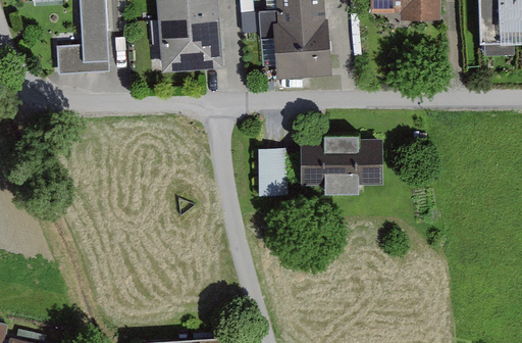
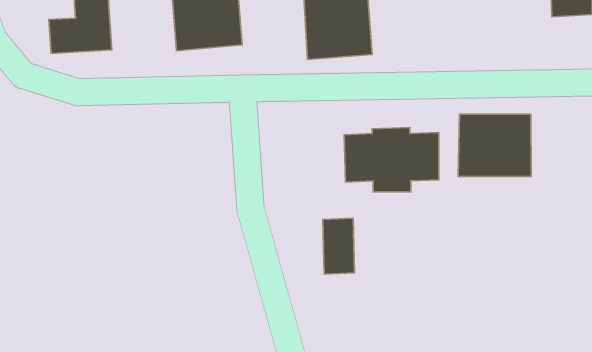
building: none -> [458,114,531,176]
building: [260,150,286,197] -> [323,218,355,274]

